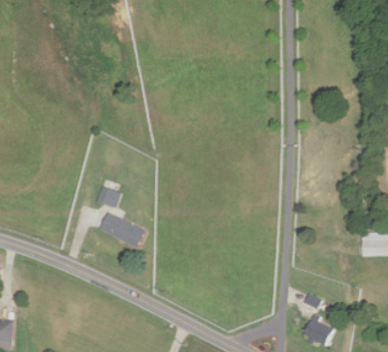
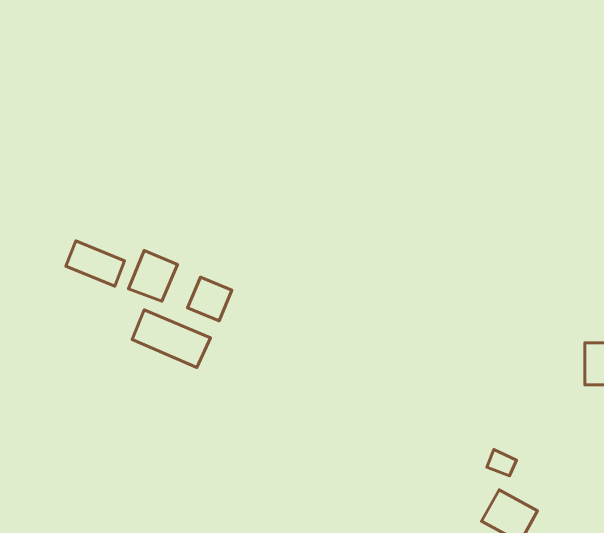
building: none -> [66,241,125,286]
building: none -> [188,277,232,321]

